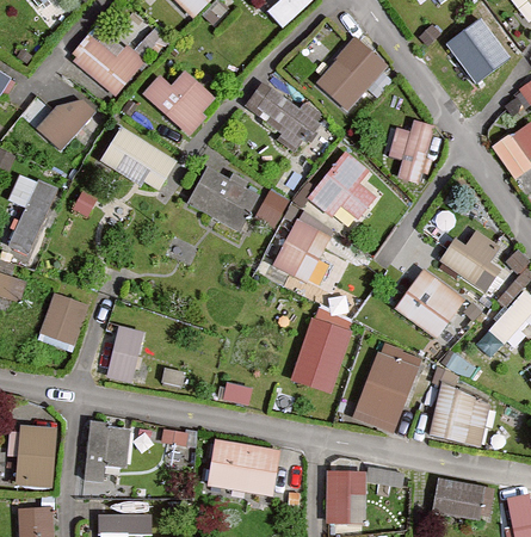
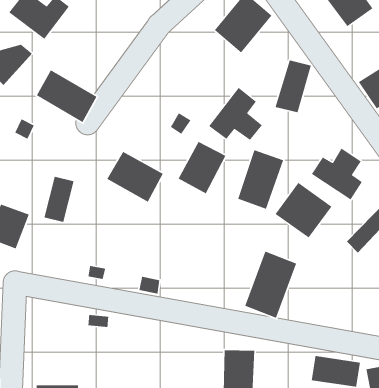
building: [138,67,215,130] -> none
building: [243,80,317,149] -> none
building: [183,165,253,228] -> [106,151,164,203]
building: [294,319,351,393] -> [237,149,284,210]
building: [106,327,144,384] -> [43,176,75,223]
building: [427,381,484,444] -> none
building: [86,420,131,482] -> none
building: [205,440,282,498] -> none

